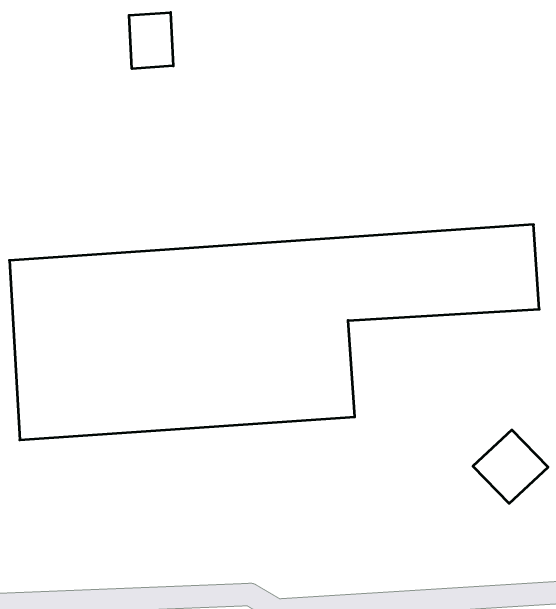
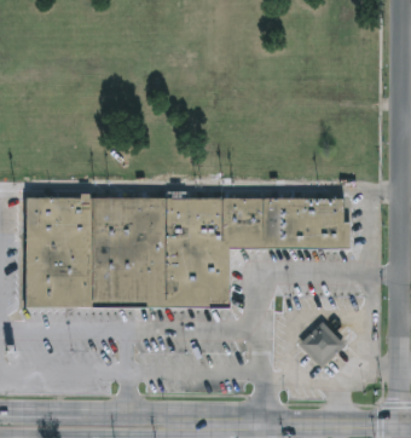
building: [129,12,173,69] -> none

